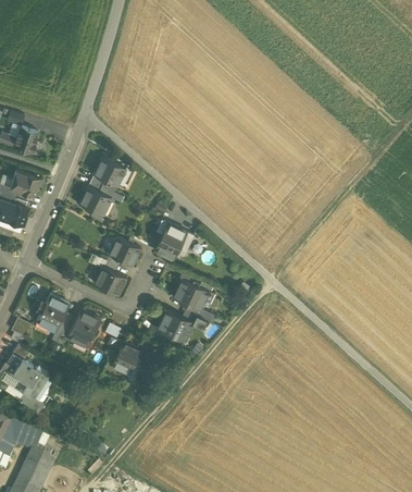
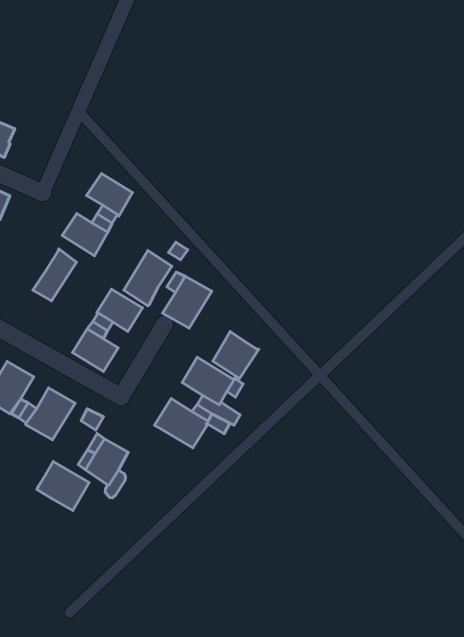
building: none -> [124,250,172,306]
building: none -> [33,249,77,301]
building: none -> [213,332,259,379]
building: none -> [37,461,89,510]

